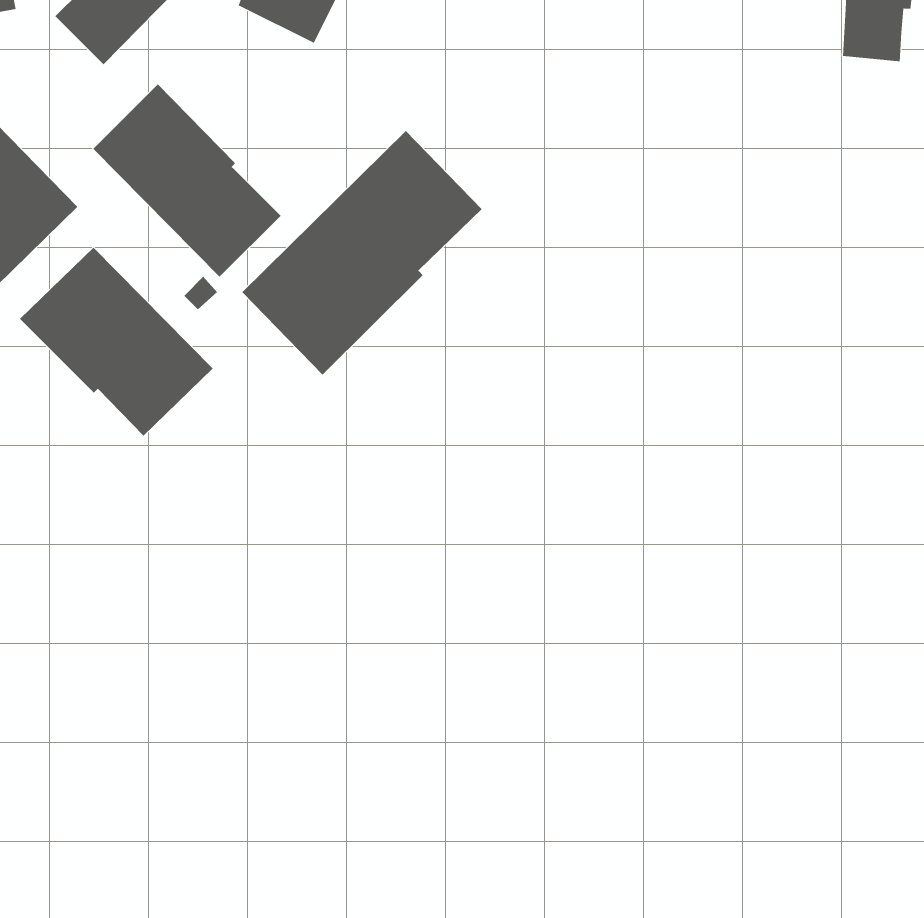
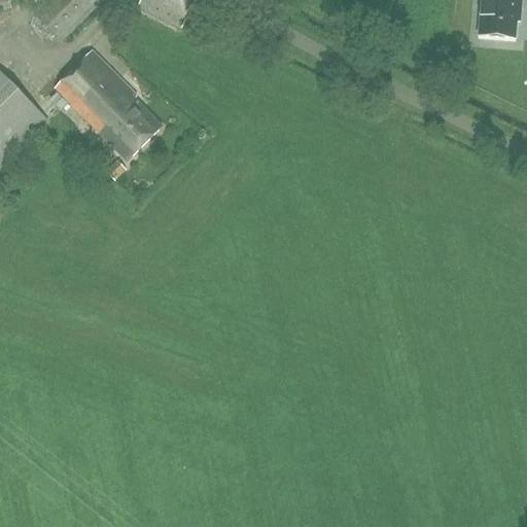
building: [242,130,483,376] -> none
building: [19,247,214,437] -> none

